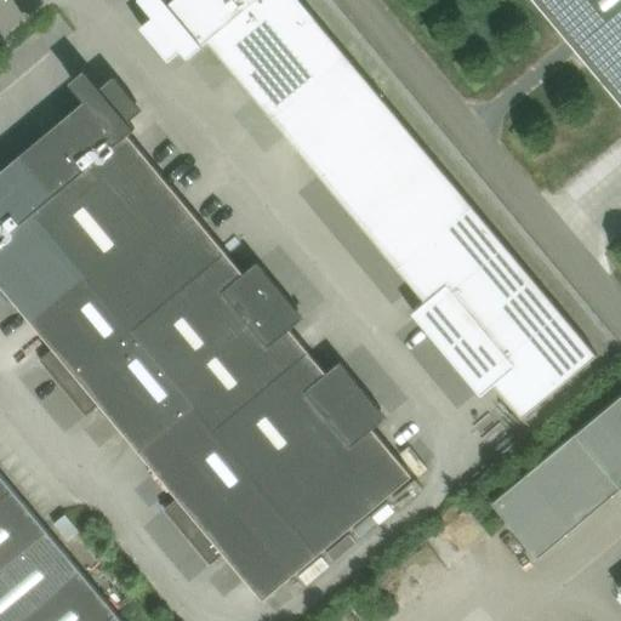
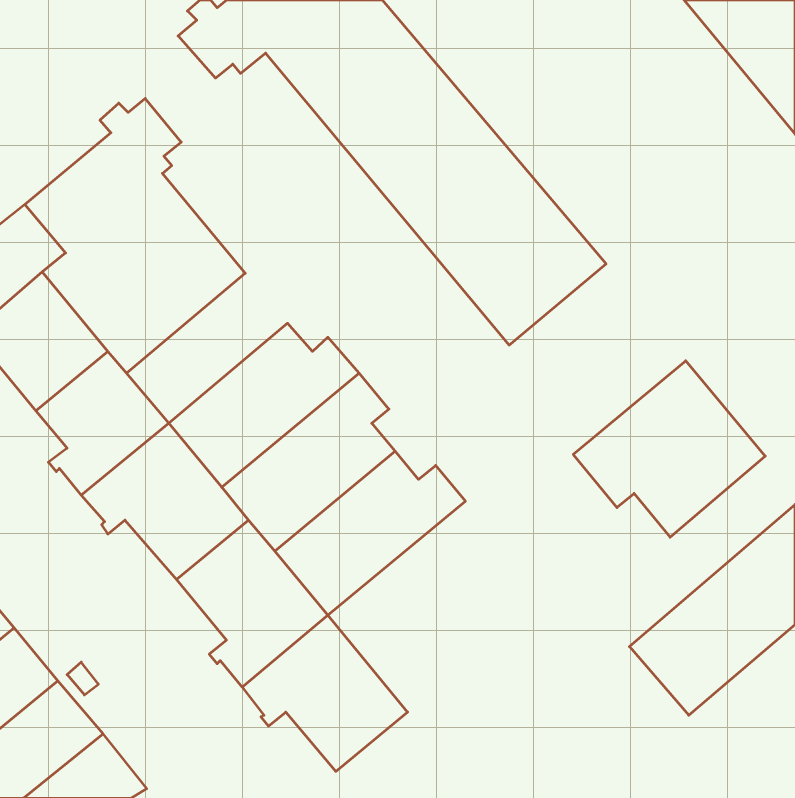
building: [395,205,532,353] -> none
building: [98,212,223,329] -> none
building: [255,389,410,553] -> none

